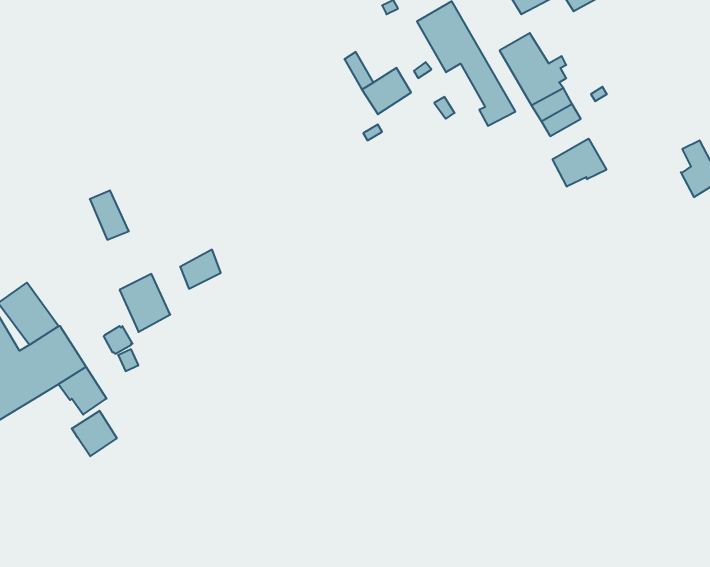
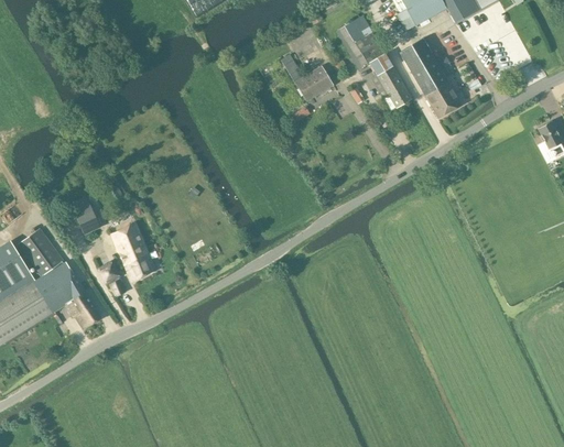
building: [553,139,606,187] -> none
building: [90,190,129,240] -> [70,197,100,235]
building: [180,250,221,289] -> [124,253,155,283]
building: [72,411,117,456] -> none

